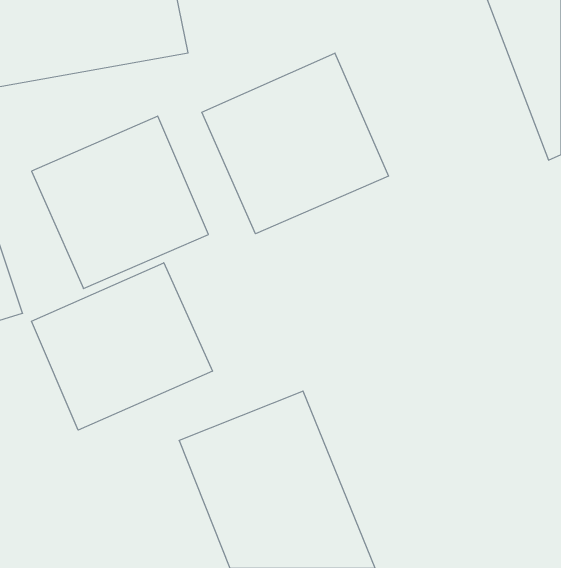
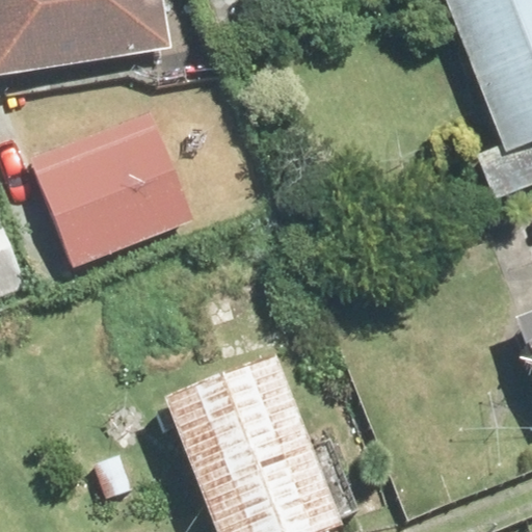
building: [202,53,389,234] -> none
building: [31,263,212,430] -> none

